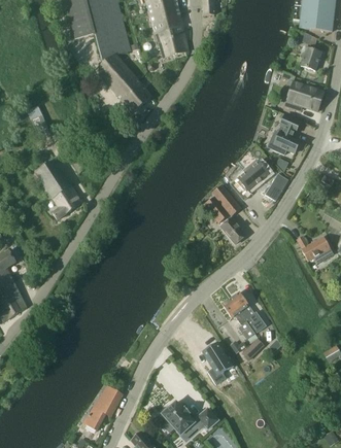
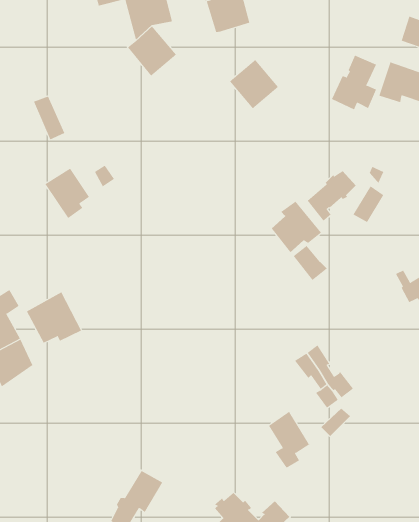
building: [114,74,151,111] -> [229,59,279,109]
building: [267,113,301,154] -> [331,55,377,110]
building: [53,180,82,218] -> none
building: none -> [26,292,82,344]

